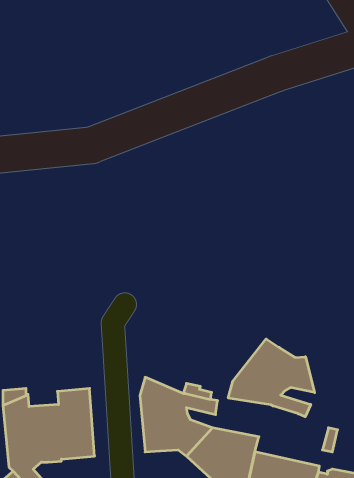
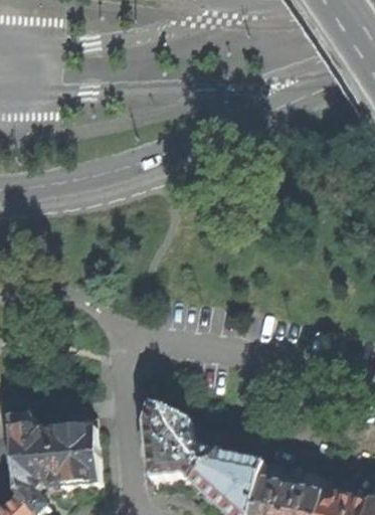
building: [228,339,315,417] -> none

